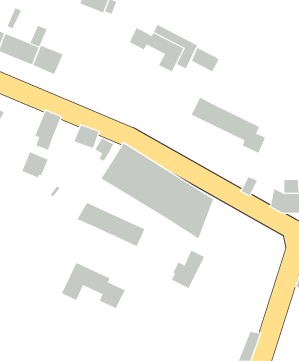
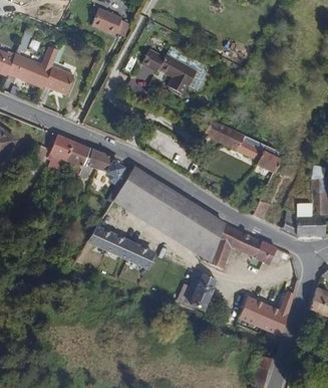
building: [191,47,220,72] -> none
building: [22,151,48,178] -> [65,139,92,166]
building: none -> [212,222,277,267]
building: [61,262,126,309] -> none
building: none -> [238,289,294,336]

